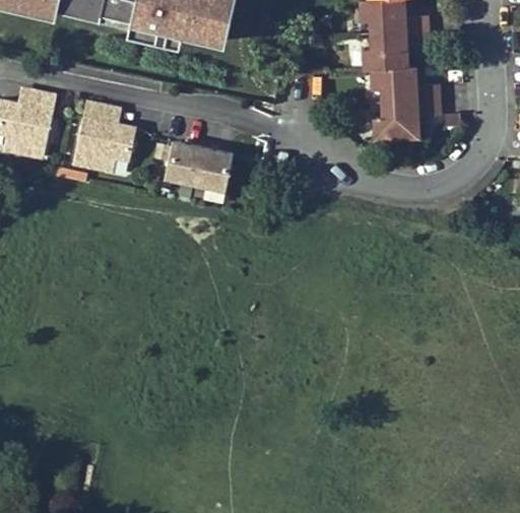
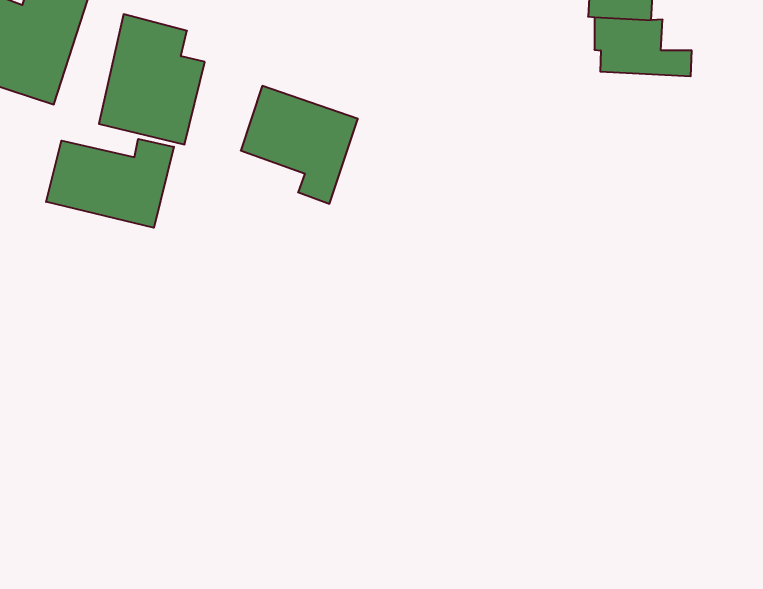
building: [376,102,438,138] -> none
building: none -> [46,139,174,228]

